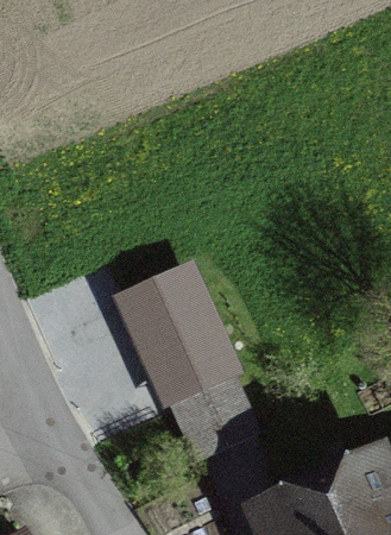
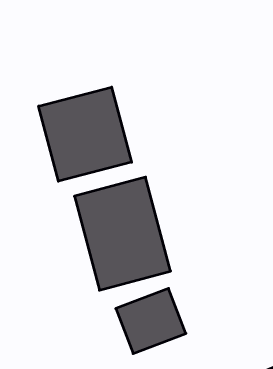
building: none -> [39,87,132,181]

